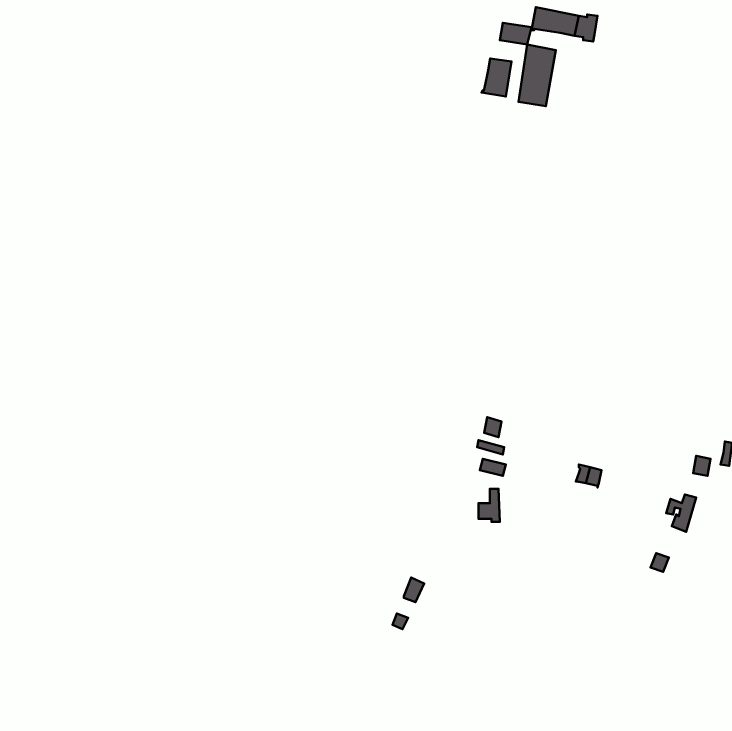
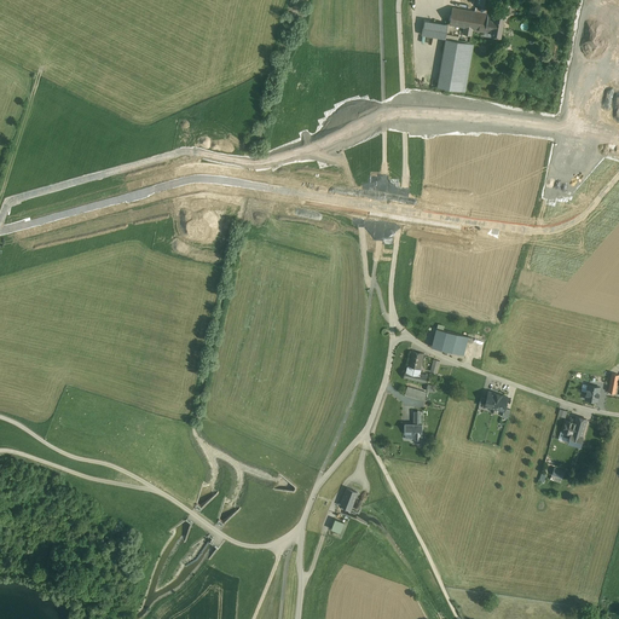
building: [482,58,512,97] -> none
building: none -> [432,330,468,357]

